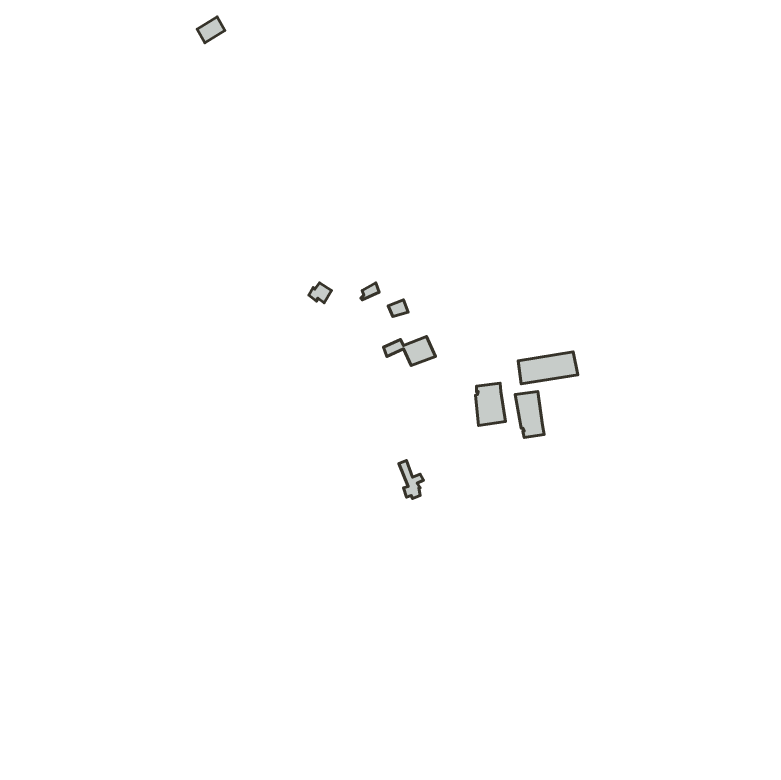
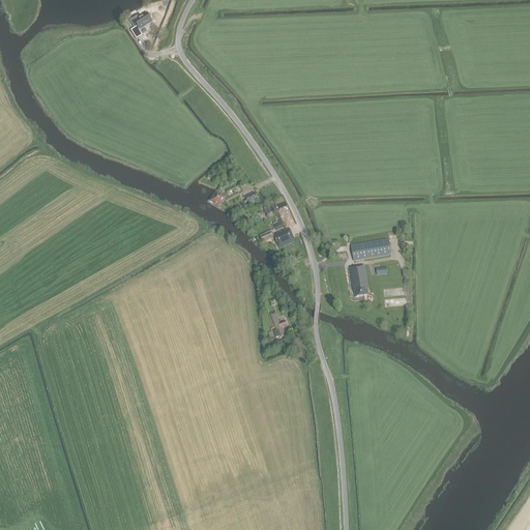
building: [476,383,505,425] -> none

